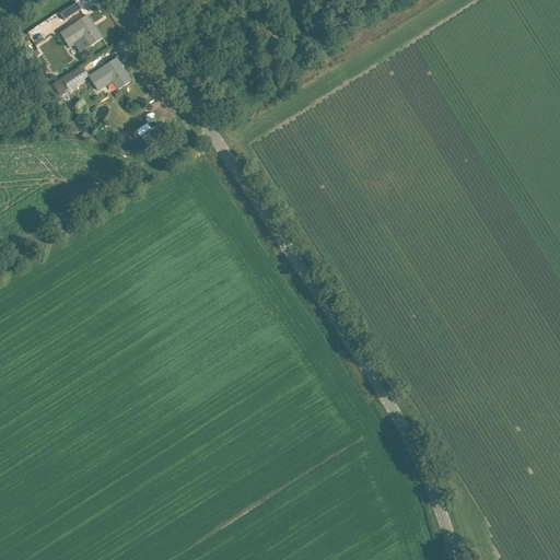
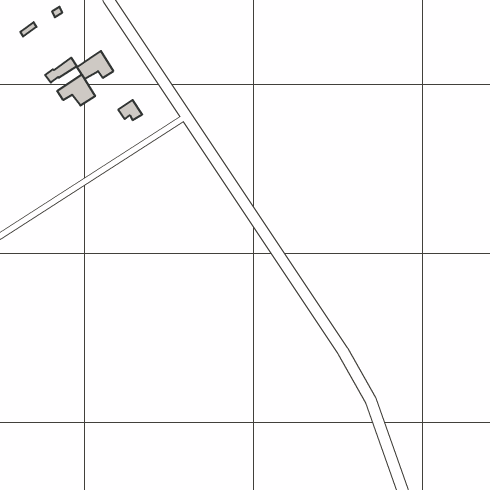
building: [59,15,101,47] -> none
building: none -> [57,75,95,106]

